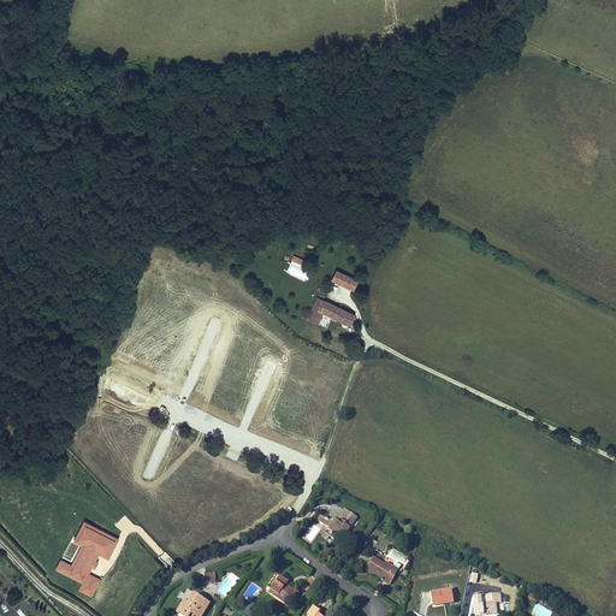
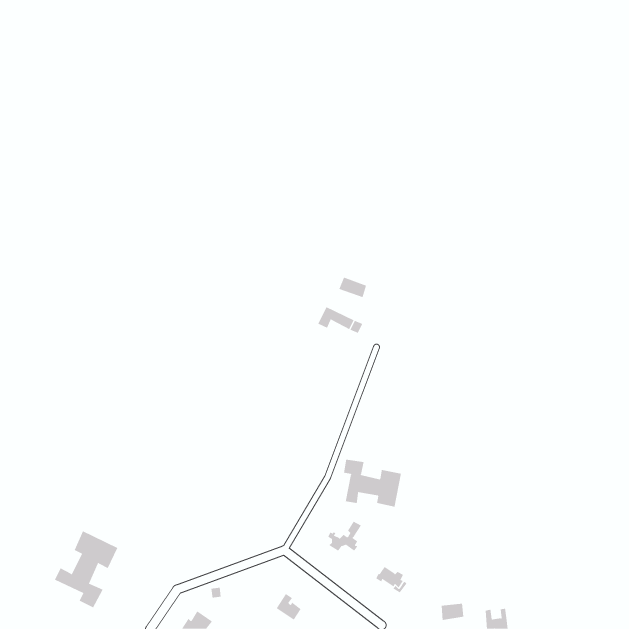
building: none -> [343,459,401,508]

